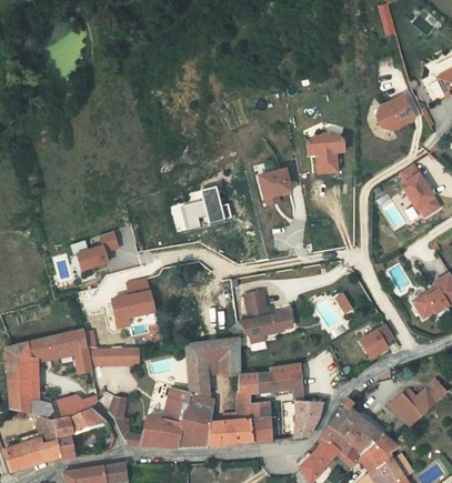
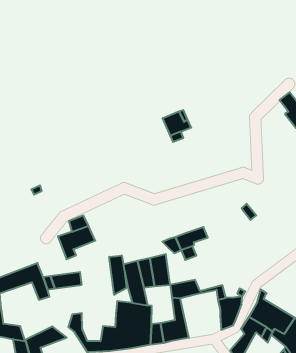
building: [375,97,410,129] -> none
building: [309,128,346,170] -> none
building: [181,187,232,229] -> none
building: [82,230,123,268] -> none
building: [239,293,268,321] -> none
building: [360,323,394,356] -> none
building: none -> [109,255,126,295]
building: [270,364,302,389] -> none
building: [51,390,98,420] -> none
building: [249,392,271,443] -> none

